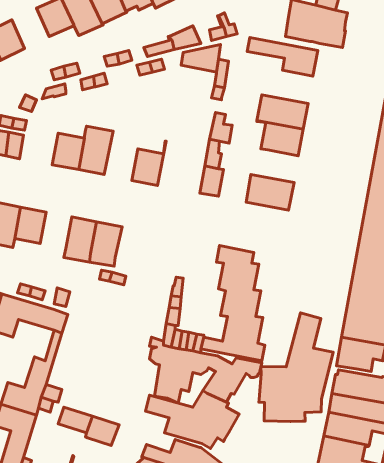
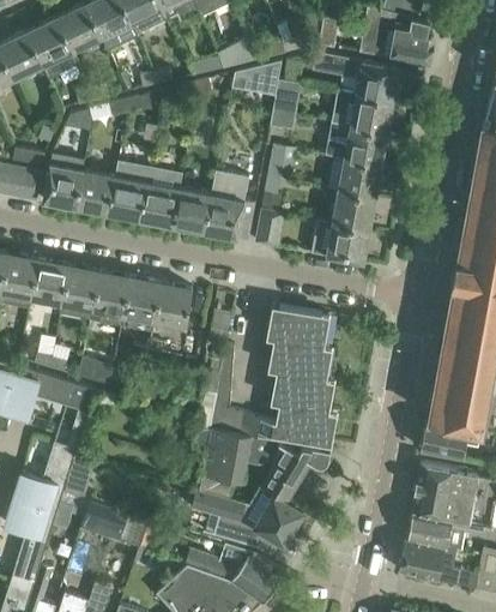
building: none -> [26,17,78,78]
building: none -> [331,90,393,133]
building: none -> [43,151,85,208]
building: none -> [139,167,182,227]
building: none -> [204,169,255,240]
building: none -> [317,190,375,229]
building: none -> [60,265,99,320]
building: none -> [152,283,192,326]
building: [259,313,333,421] -> none

